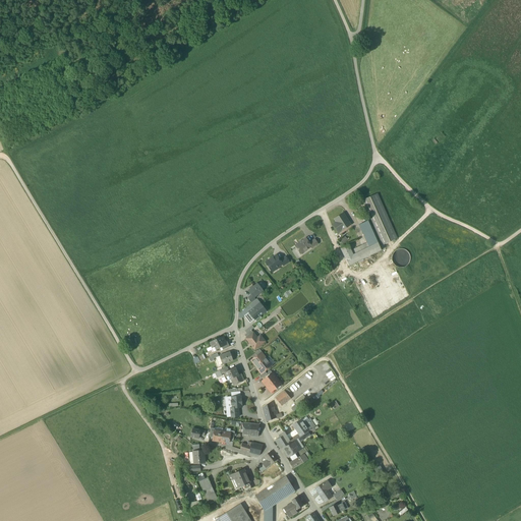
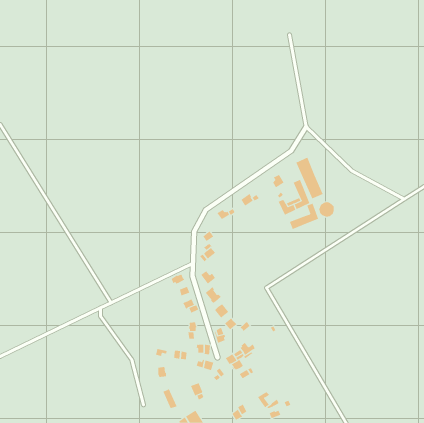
building: none -> [289,203,319,230]
building: [255,475,295,509] -> none

